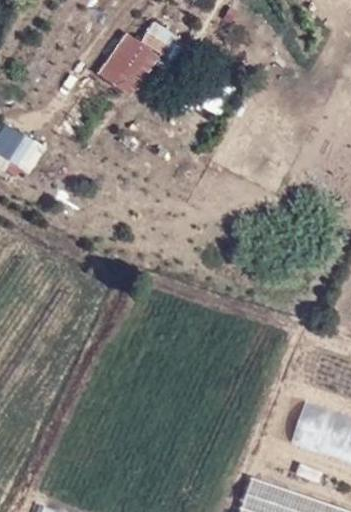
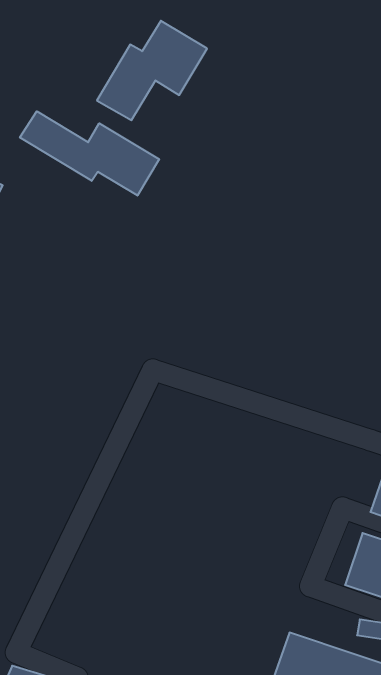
building: none -> [20,111,159,196]

